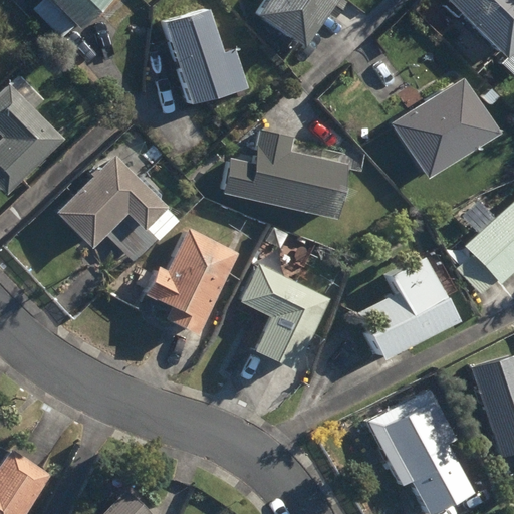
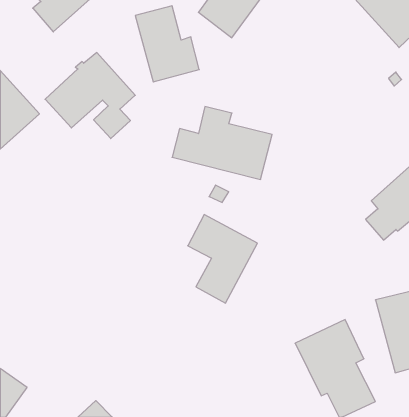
building: [391,79,498,178] -> none
building: [54,156,165,261] -> [45,53,135,139]
building: [145,228,238,335] -> none
building: [356,258,457,360] -> none

